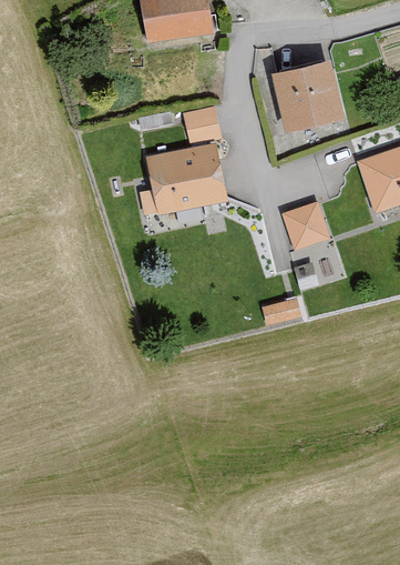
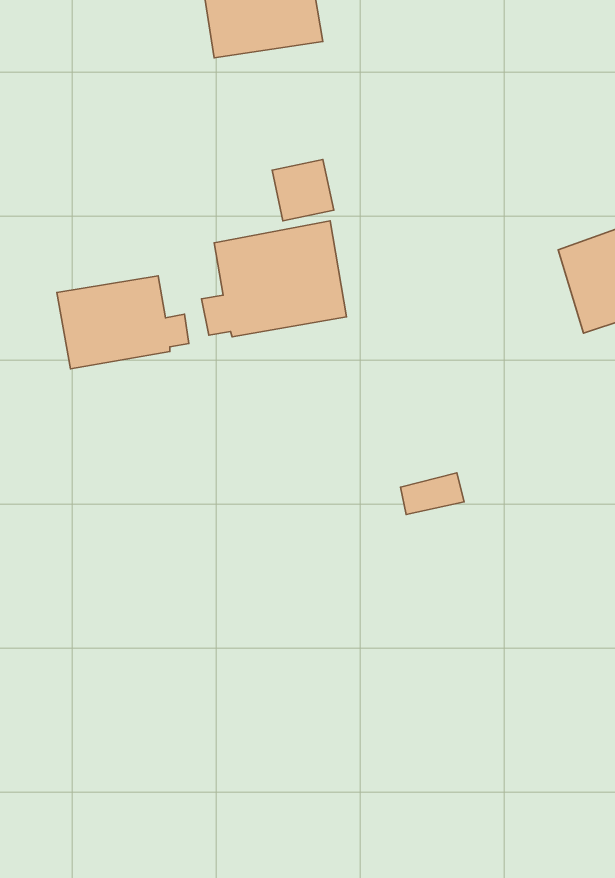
building: [274,60,345,131] -> none
building: none -> [57,276,189,369]
building: [280,201,329,251] -> none

